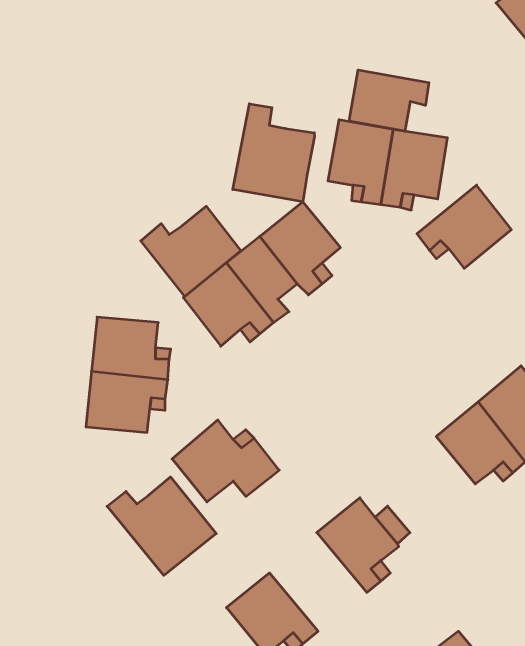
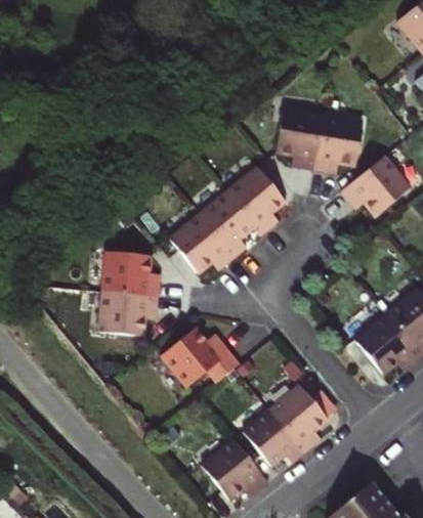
building: [349,70,429,131] -> none
building: [233,104,315,202] -> none
building: [141,206,241,296] -> none
building: [107,477,216,575] -> none
building: none -> [242,409,304,466]

